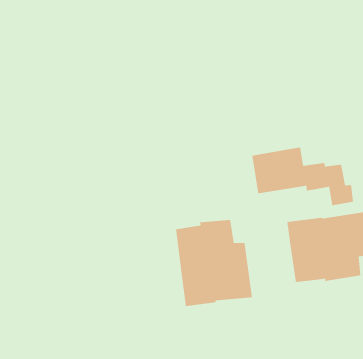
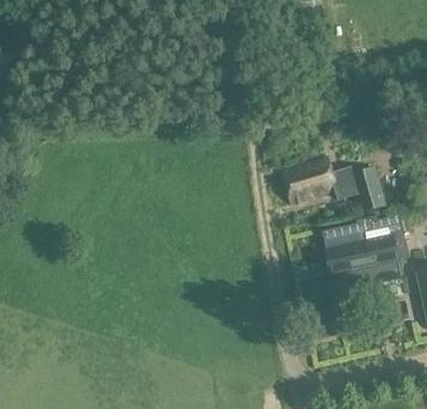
building: [176,219,252,307] -> none

